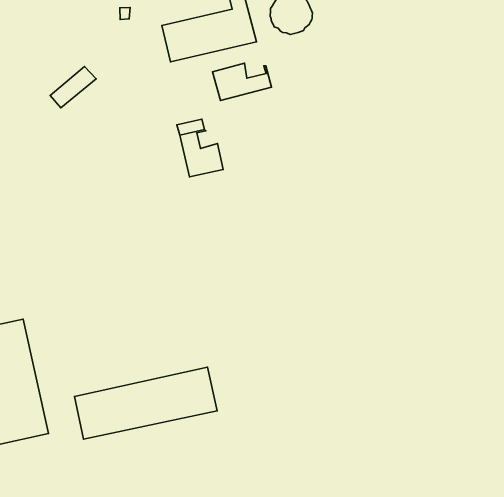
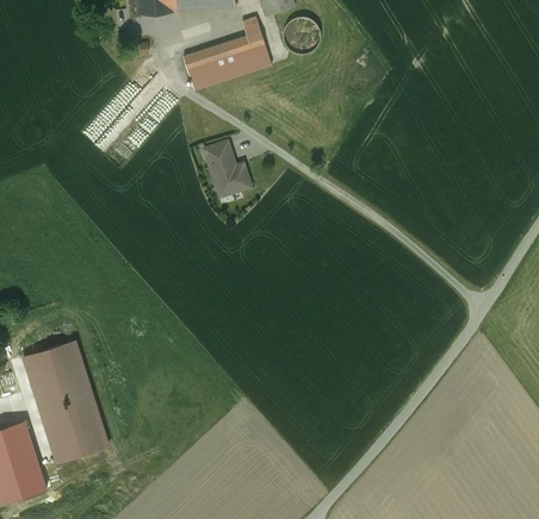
building: [213,63,271,100] -> none
building: [74,367,217,439] -> none

